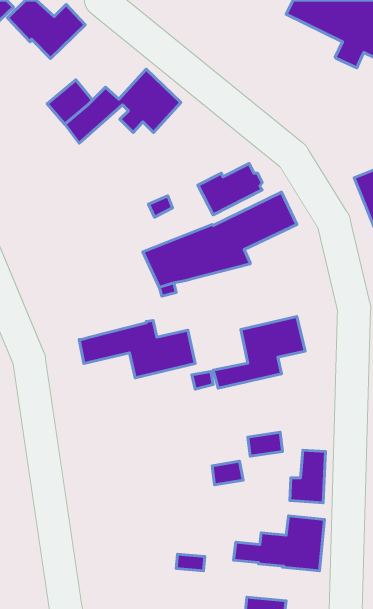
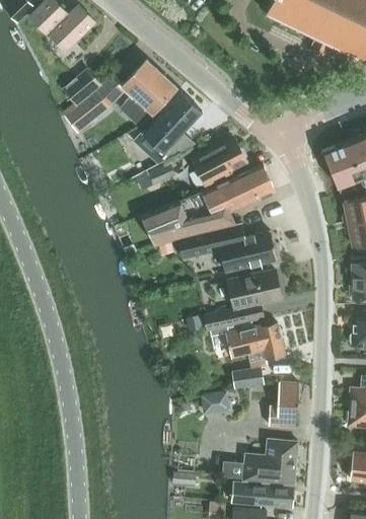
building: none -> [133,91,202,163]
building: [79,320,195,378] -> [178,222,277,271]
building: none -> [227,322,285,360]
building: none -> [236,483,294,507]

